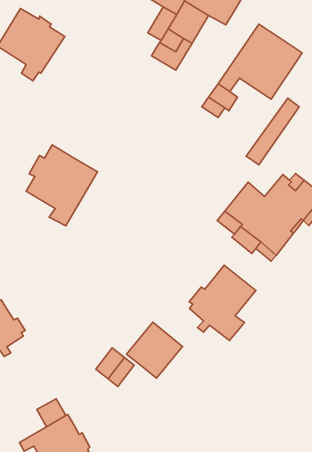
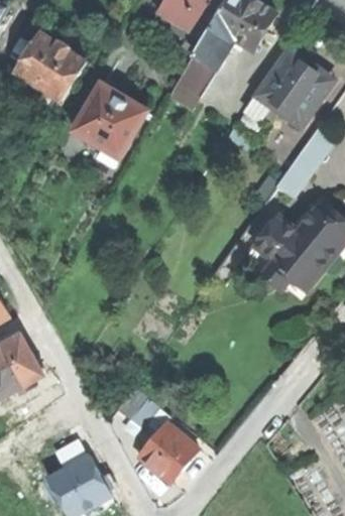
building: [26,145,98,226] -> [73,82,147,166]
building: [189,265,256,341] -> none
building: [127,322,183,378] -> [139,422,198,481]

